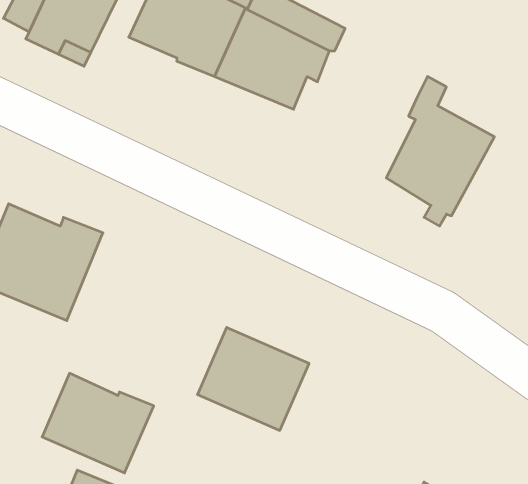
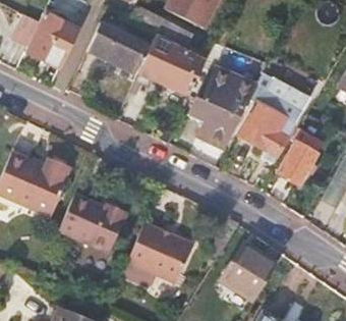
building: none -> [189,65,257,146]
building: none -> [279,128,316,184]
building: none -> [222,243,278,301]
building: [42,373,154,473] -> [59,194,125,253]

